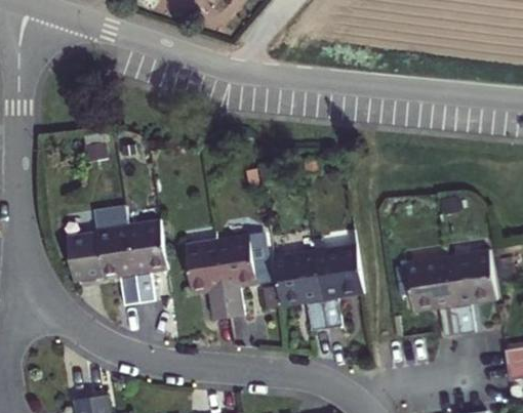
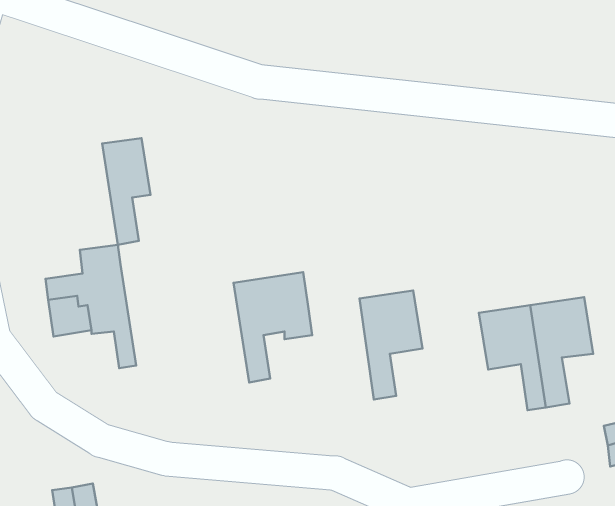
building: [126,216,164,299] -> [102,138,151,245]
building: [183,235,227,315] -> none
building: [273,247,324,328] -> none

